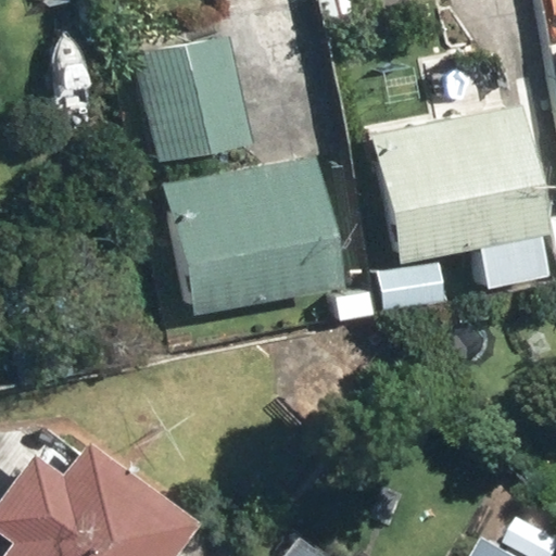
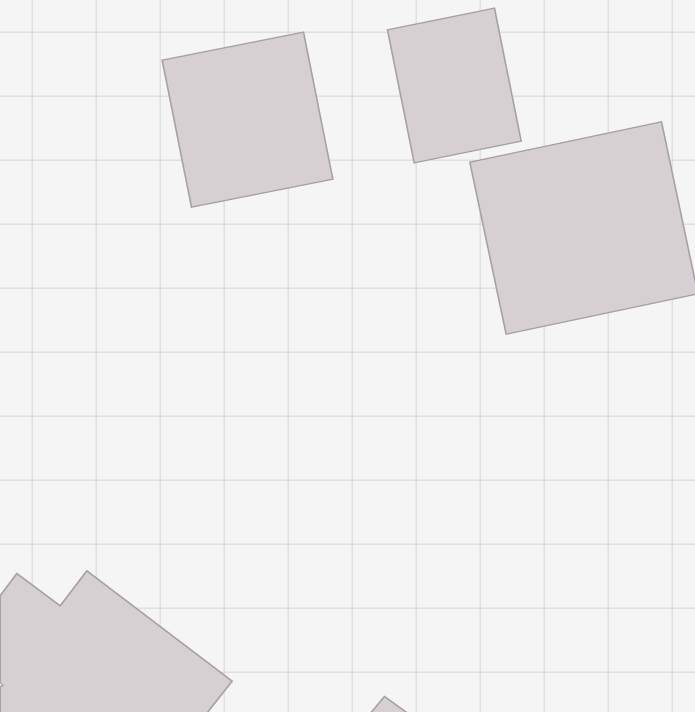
building: none -> [387,8,521,163]
building: [163,166,332,316] -> none

